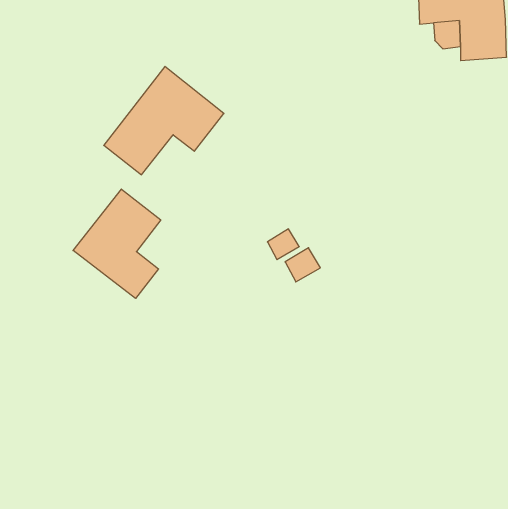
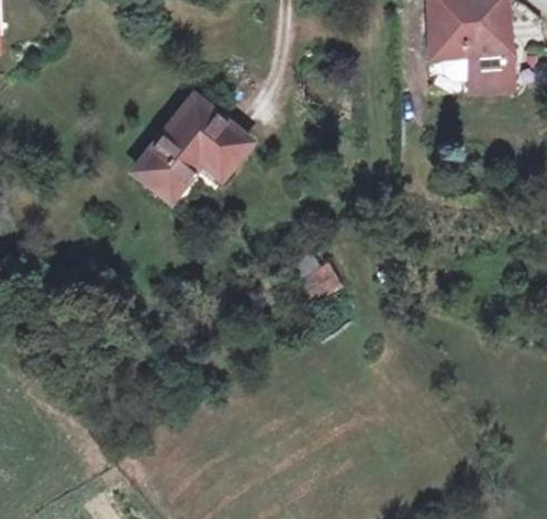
building: [73,189,161,298] -> none

